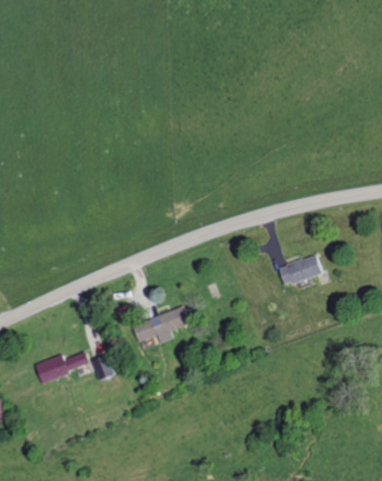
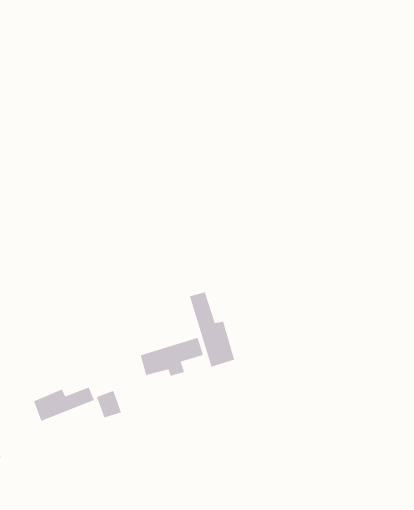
building: [279,257,322,284] -> none
building: none -> [189,291,235,368]

